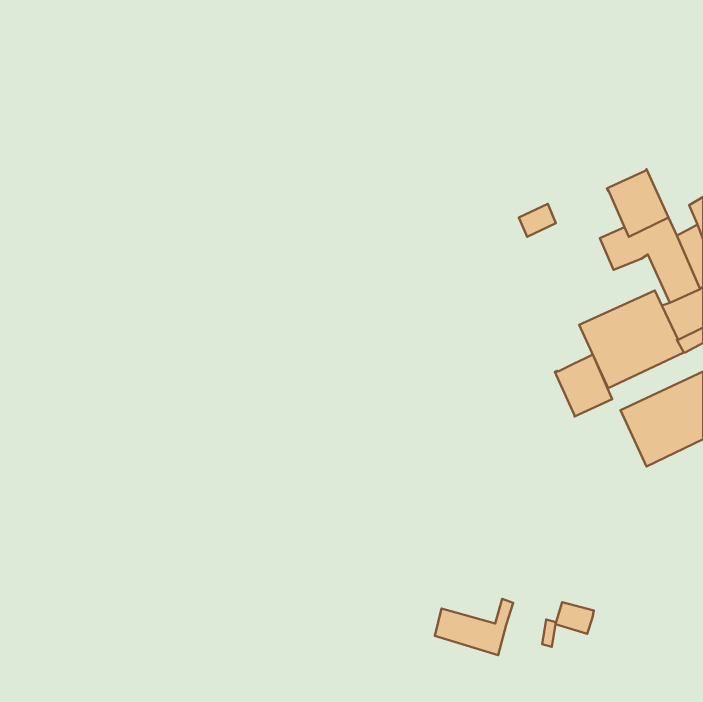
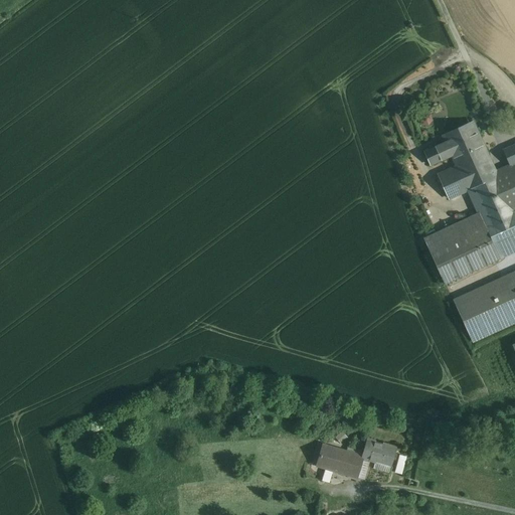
building: [519,204,556,237] -> [424,141,452,165]
building: [555,355,612,416] -> none
building: [555,602,594,634] -> [370,441,398,464]

